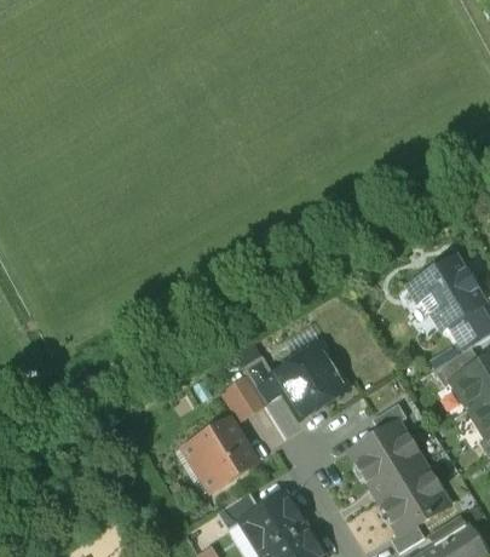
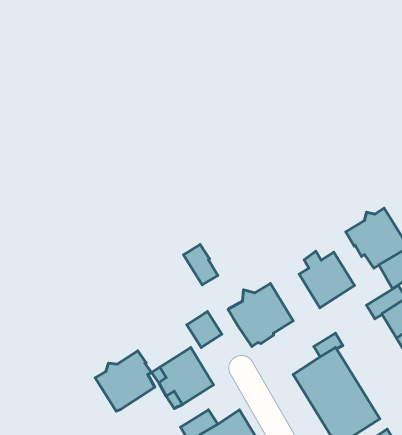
building: none -> [299,251,354,308]
building: [243,357,283,404] -> [184,244,218,285]
building: none -> [95,351,155,411]

